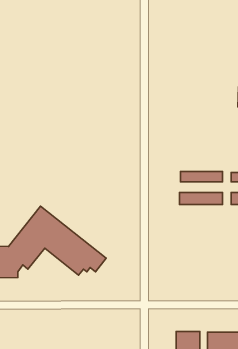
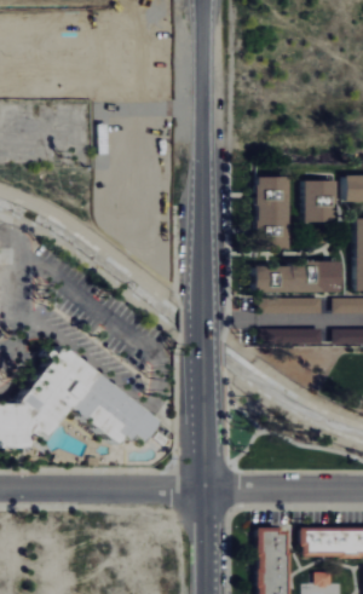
building: none -> [255,175,289,249]
building: none -> [304,179,336,221]
building: none -> [255,260,339,292]

